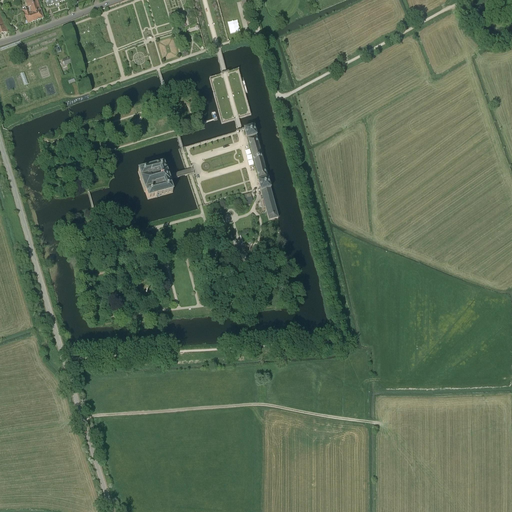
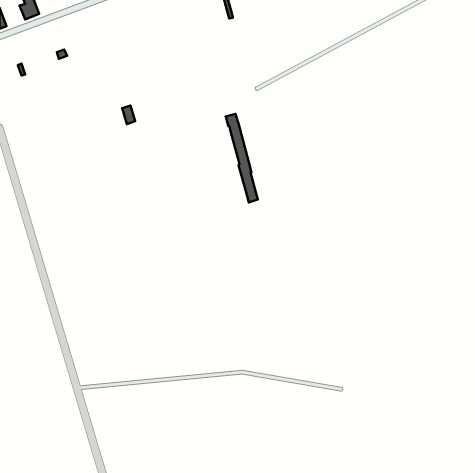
building: [137,160,171,196] -> none

